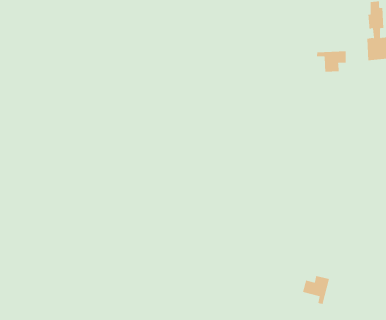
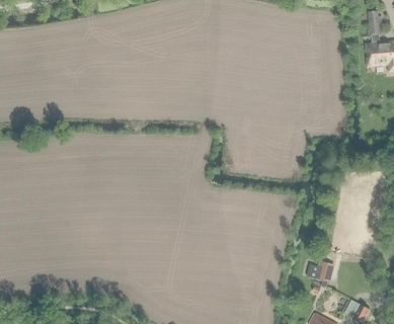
building: [317,50,346,73] -> none

